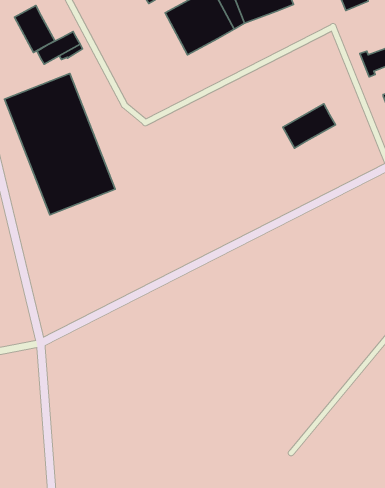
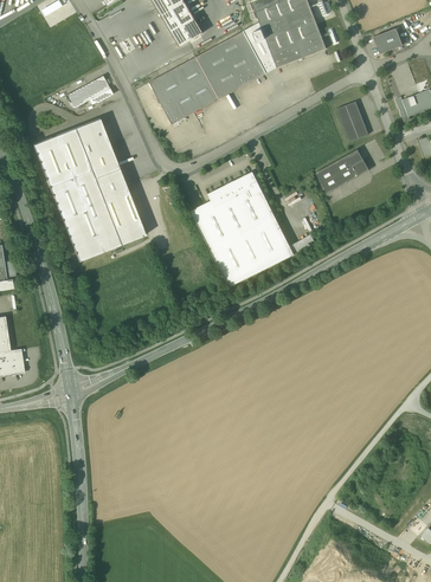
building: [15,6,55,53] -> none
building: none -> [149,56,219,123]
building: none -> [336,101,368,141]
building: none -> [191,170,294,286]

